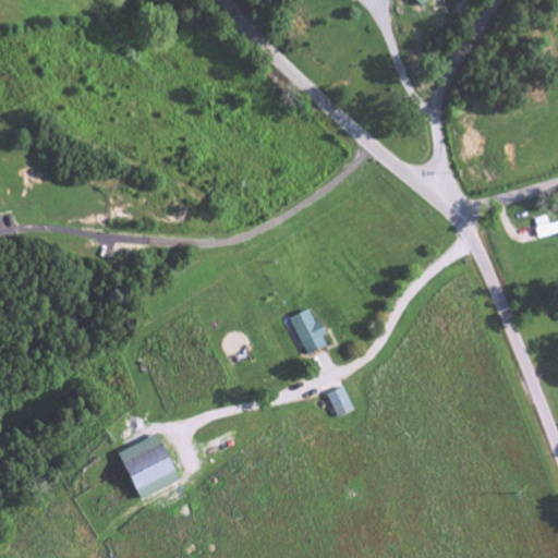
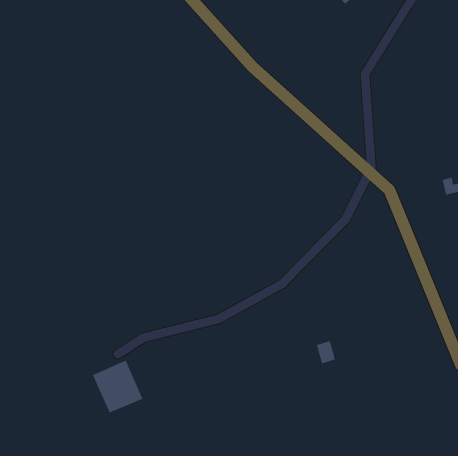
building: [290,308,330,354] -> none
building: [329,386,353,415] -> [316,340,336,364]

